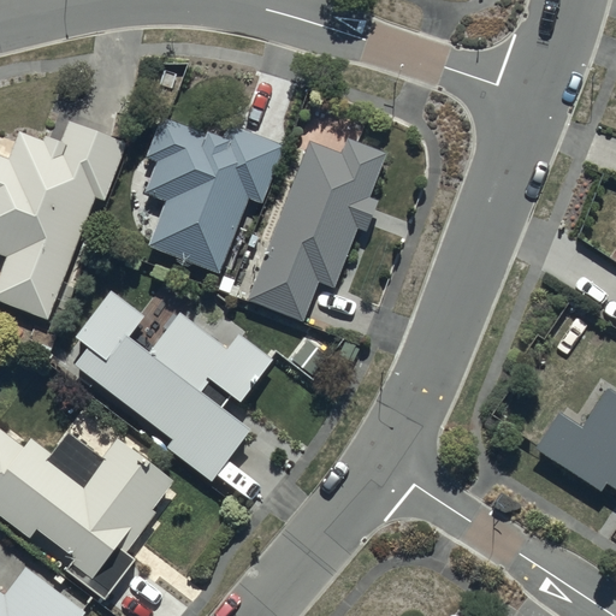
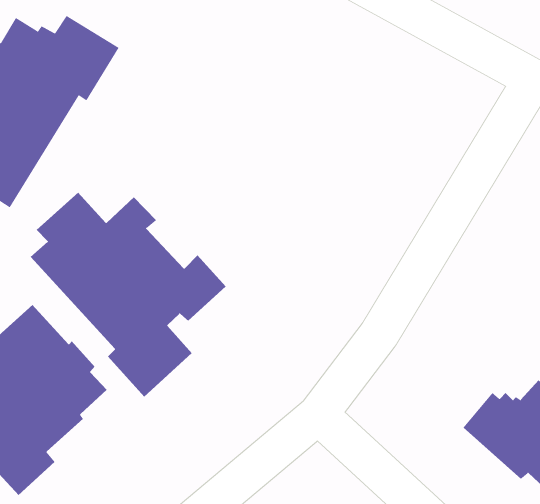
building: [247,105,385,327] -> none
building: [144,117,283,274] -> none

